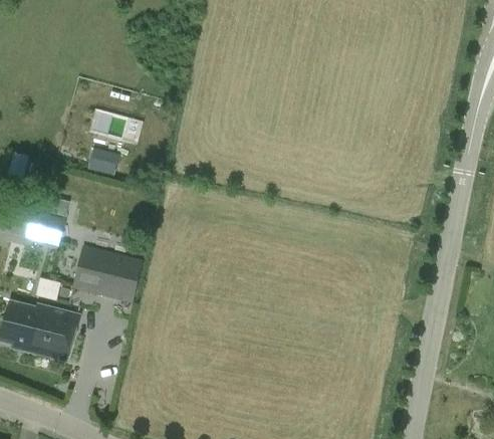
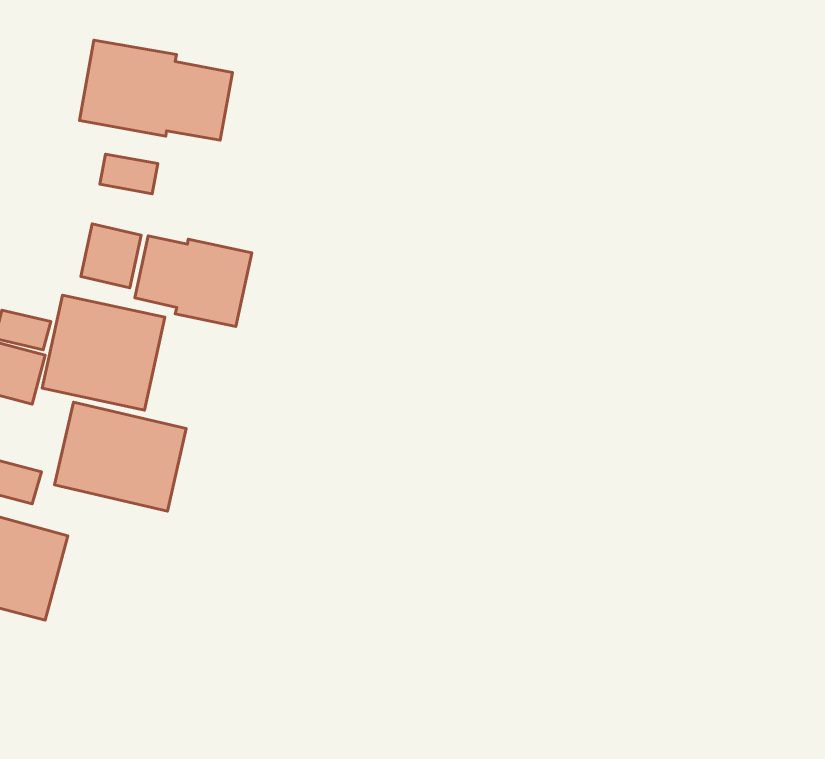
building: none -> [79,40,232,140]
building: none -> [135,236,252,326]
building: none -> [42,295,165,410]

